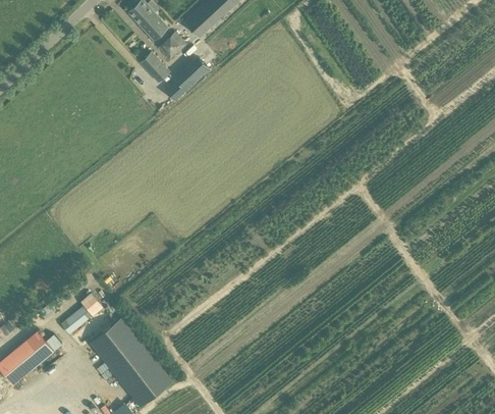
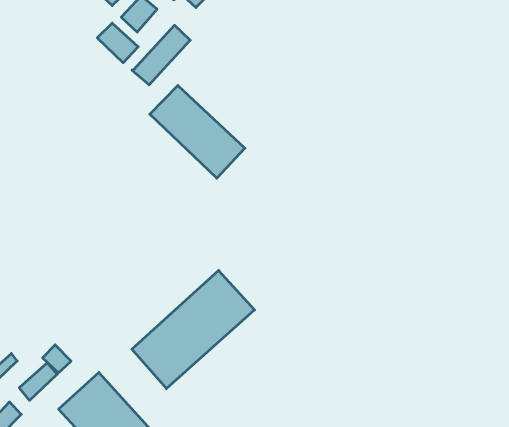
building: none -> [150,85,245,178]
building: none -> [132,270,255,389]

